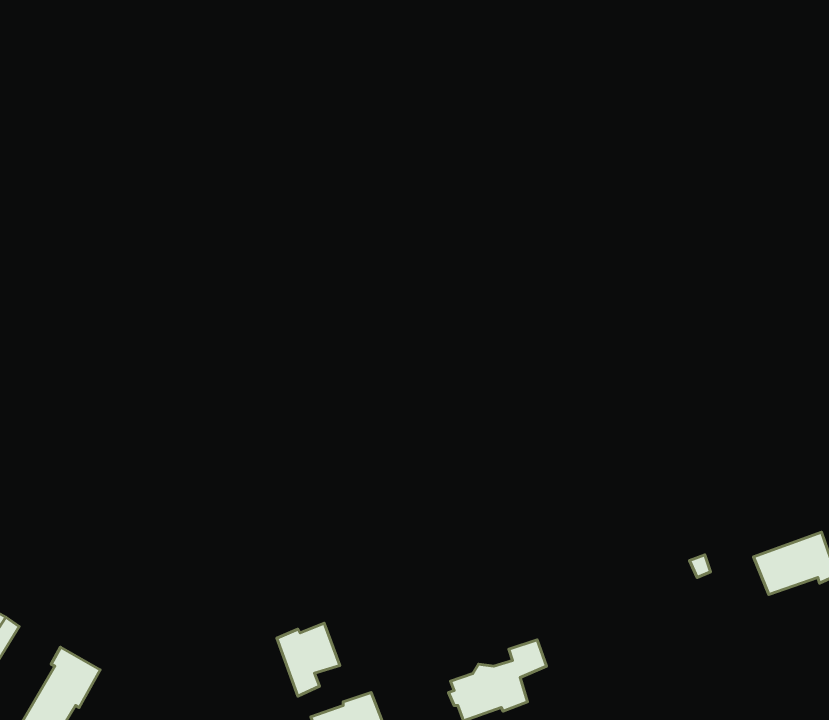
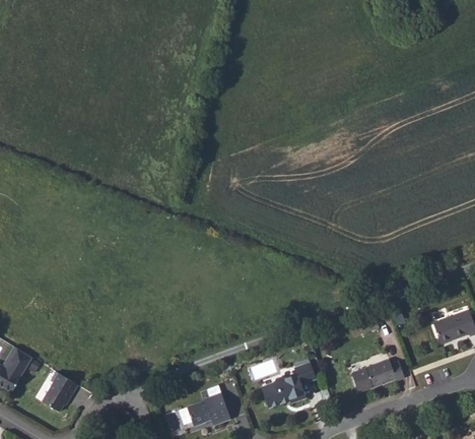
building: [277,623,340,696] -> none
building: none -> [351,357,405,390]

